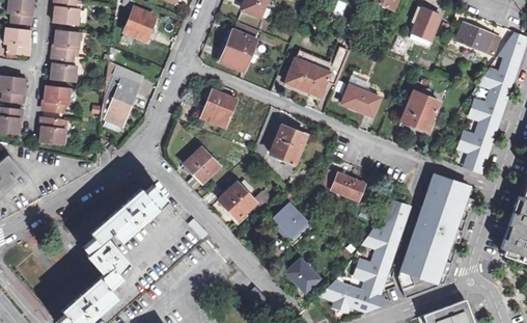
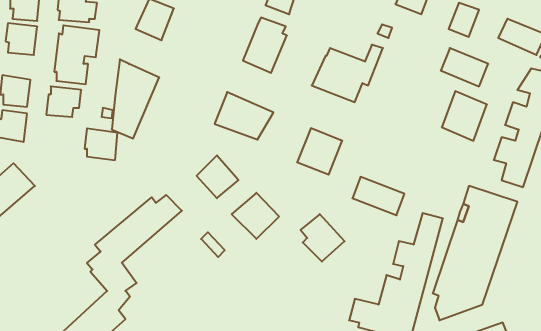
building: [343,83,387,118] -> [441,48,488,86]
building: [39,115,70,144] -> [85,128,117,160]
building: [287,257,326,295] -> none

